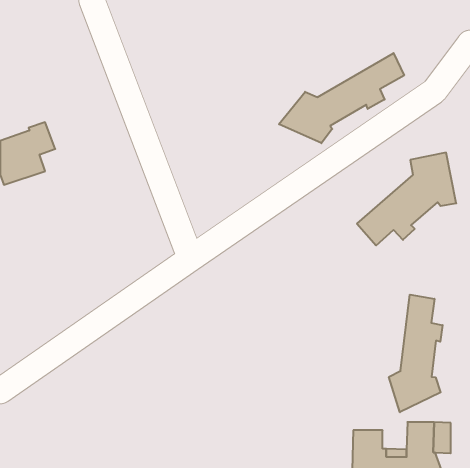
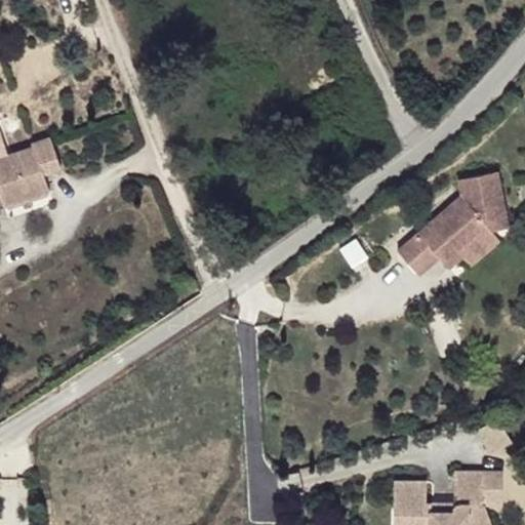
building: [279,53,404,143] -> none
building: [389,295,443,412] -> none

